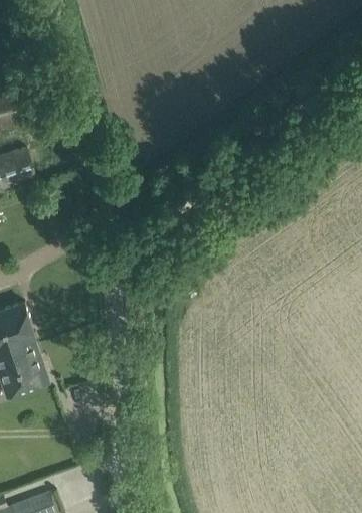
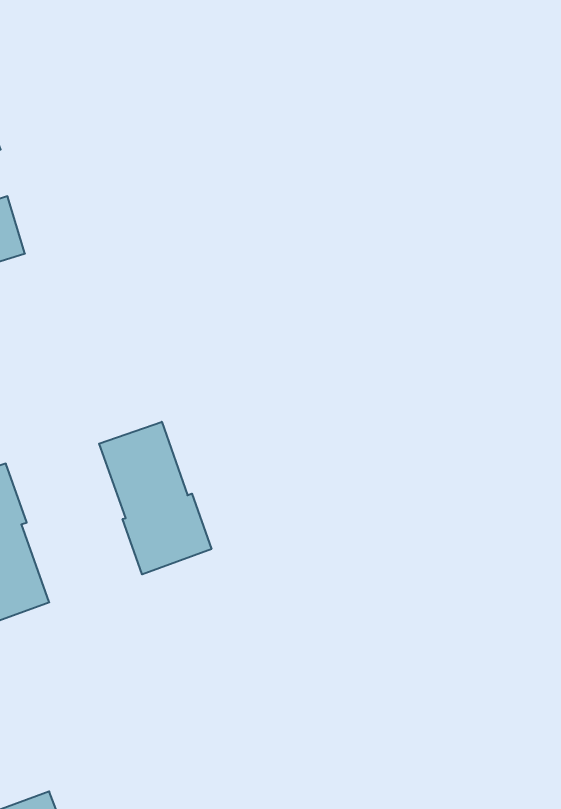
building: none -> [99,422,211,574]

